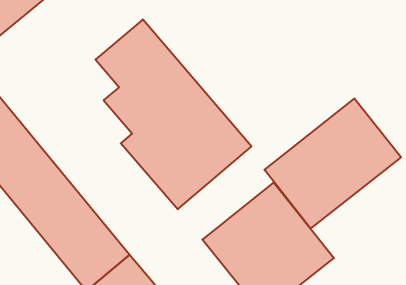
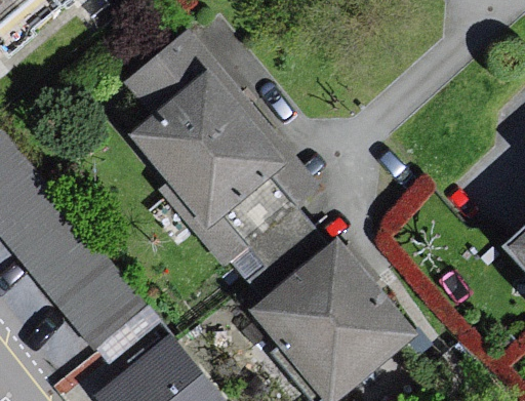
building: [264,98,401,229] -> none

